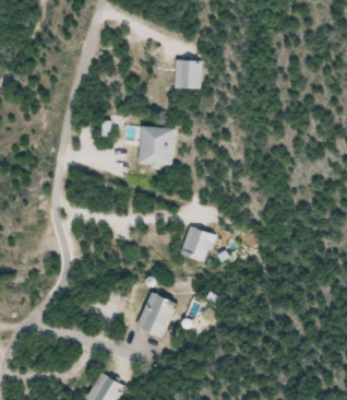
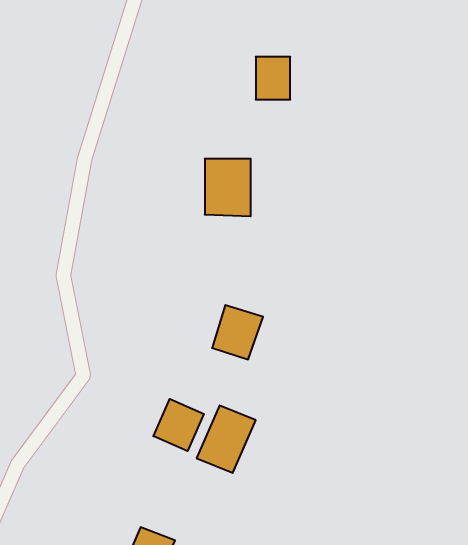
building: [181,226,215,262] -> [212,305,263,359]
building: none -> [153,399,204,451]

